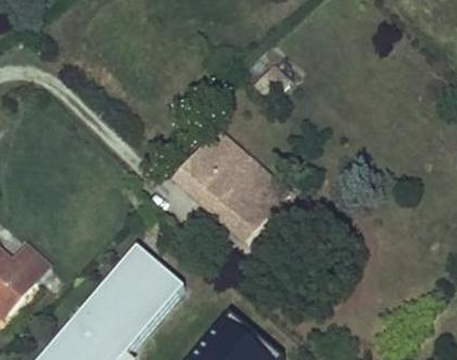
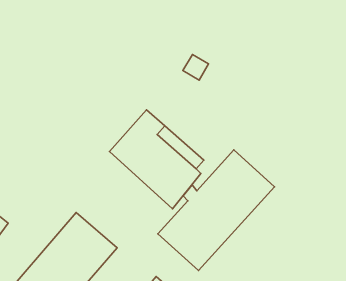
building: none -> [158,150,275,271]

